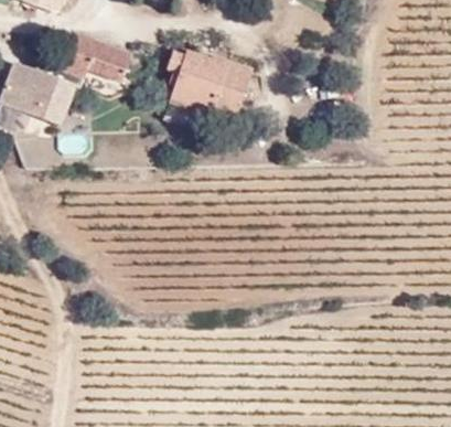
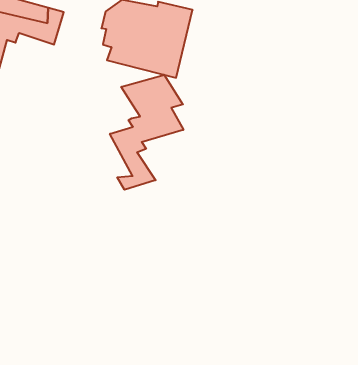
building: none -> [110,75,183,190]

